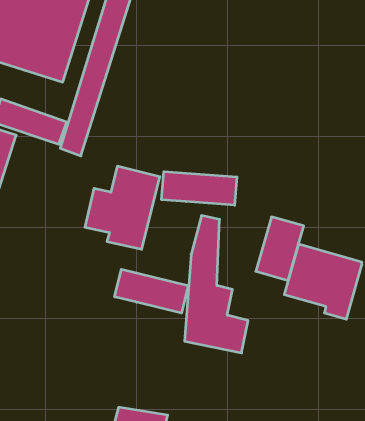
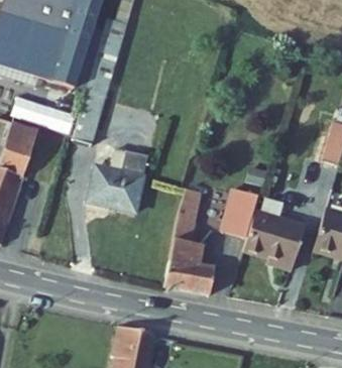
building: [162,172,237,205] -> none
building: [115,269,188,313] -> none

